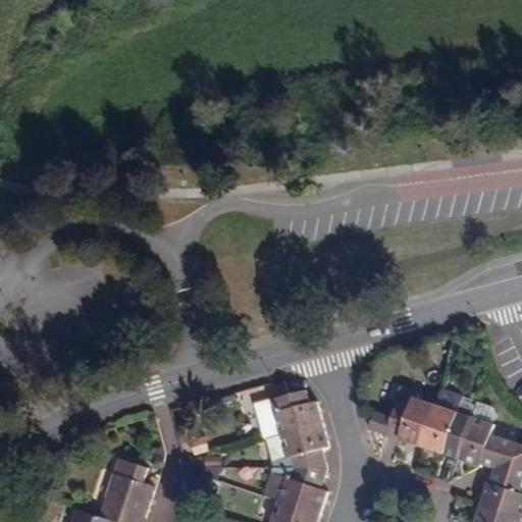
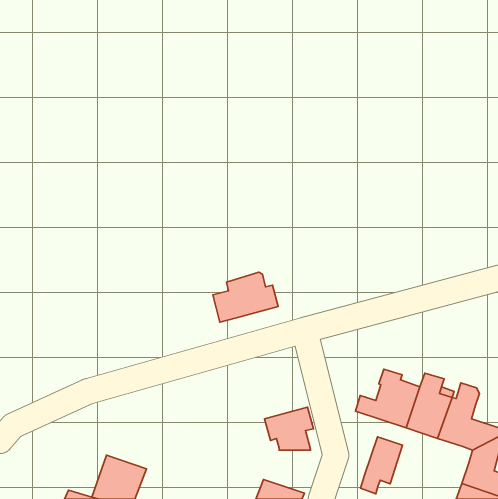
building: [254,389,322,441] -> [213,272,278,322]
building: none -> [360,437,403,494]
building: [276,470,326,515] -> none

